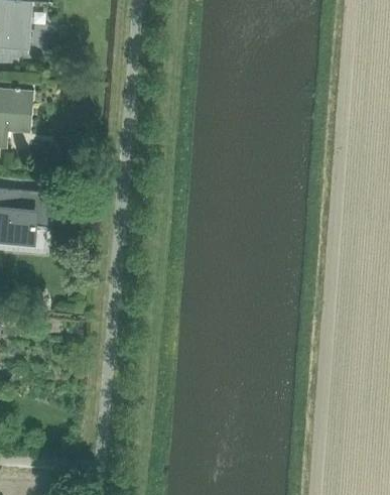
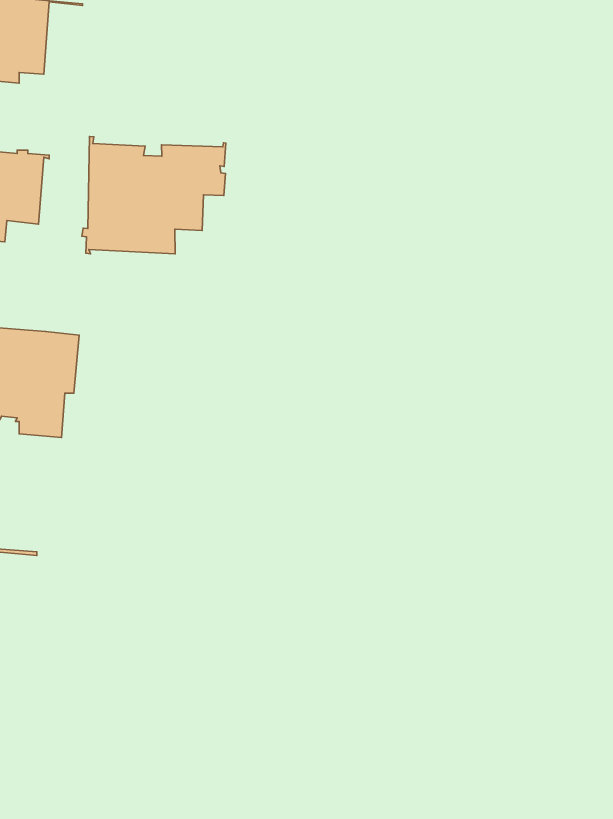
building: none -> [82,136,226,254]

